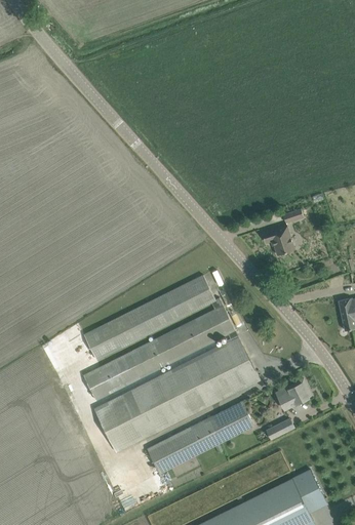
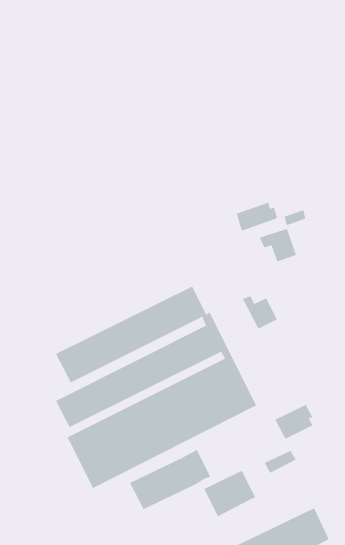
building: none -> [236,202,278,232]
building: none -> [242,295,278,330]
building: [207,401,253,442] -> [203,470,256,517]

